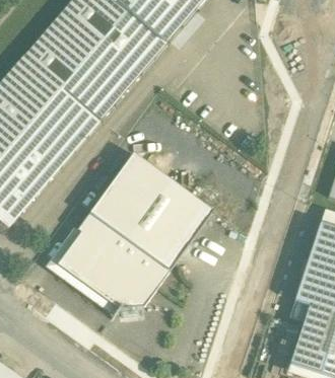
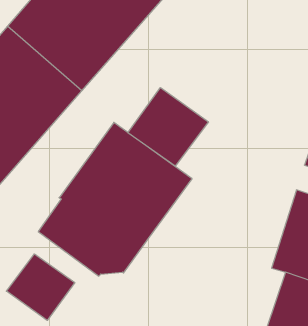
building: none -> [128,88,208,166]
building: none -> [6,254,75,320]

